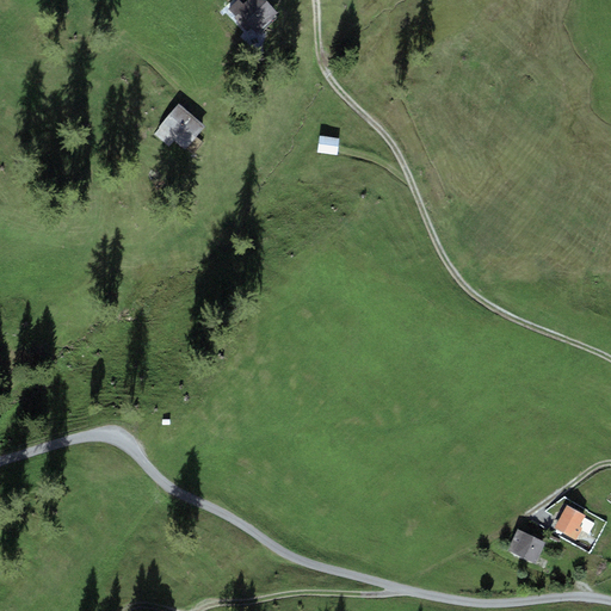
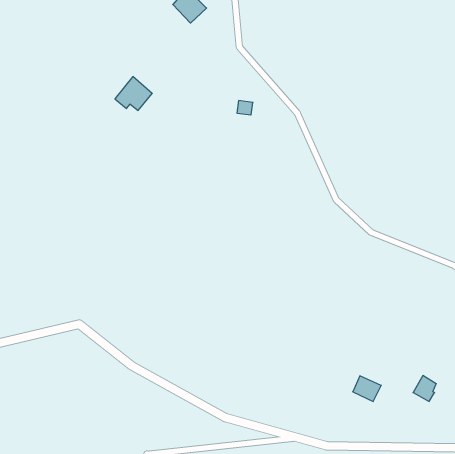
building: [507,527,545,562] -> [353,376,381,401]

